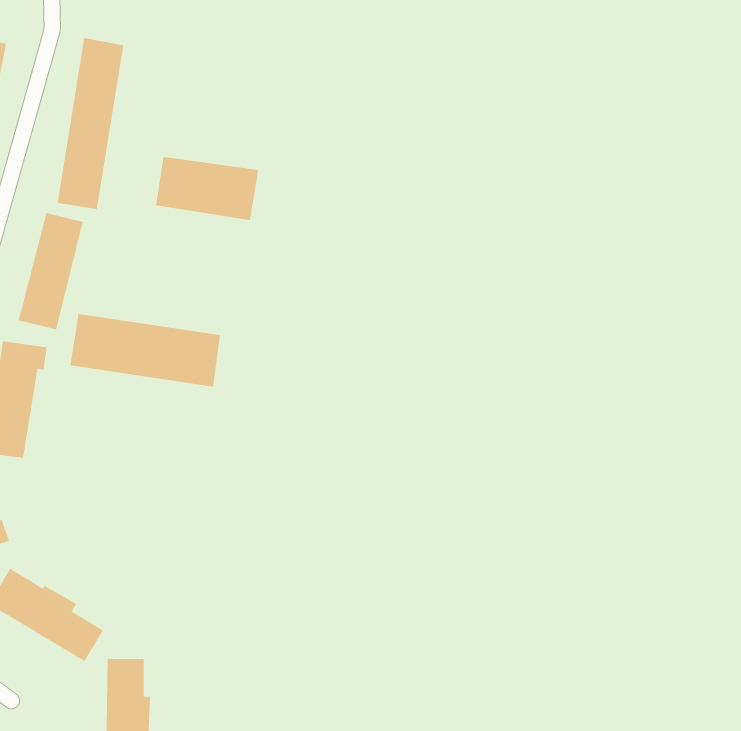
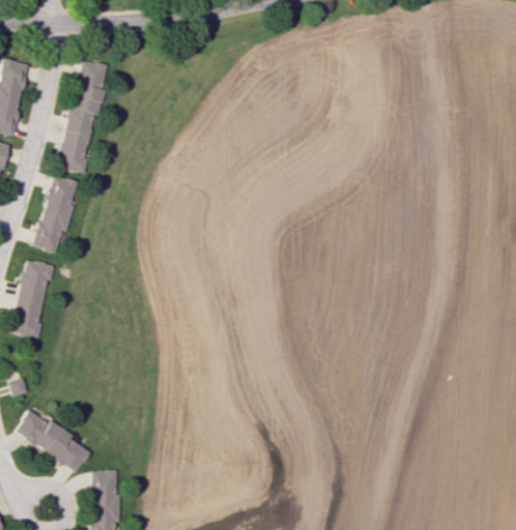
building: [155,156,259,221] -> none
building: [70,313,221,388] -> none

